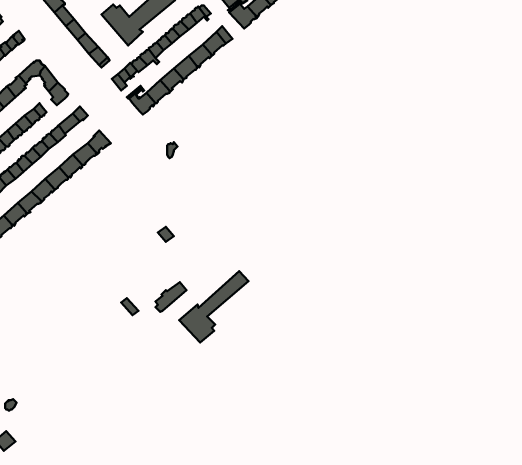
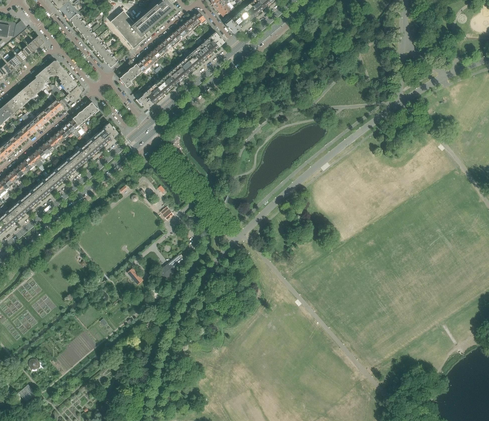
building: [179,271,249,343] -> none

